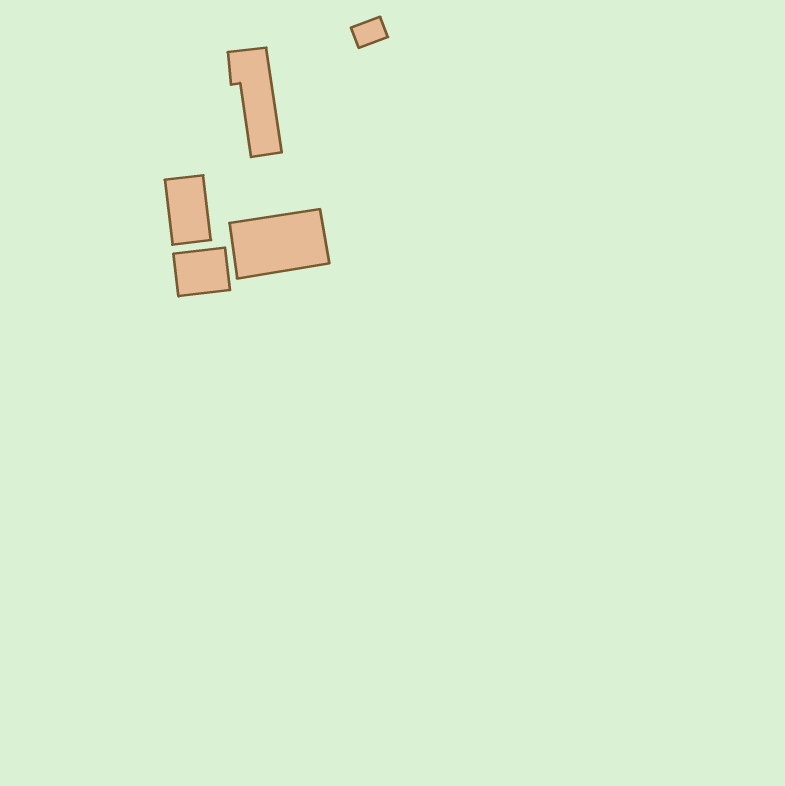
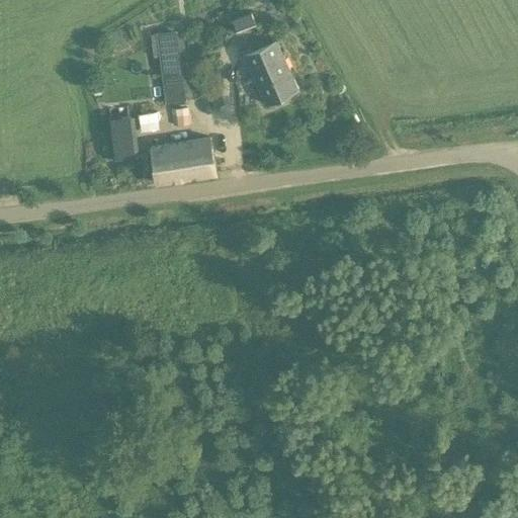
building: none -> [244,40,298,104]
building: [174,248,230,296] -> none

